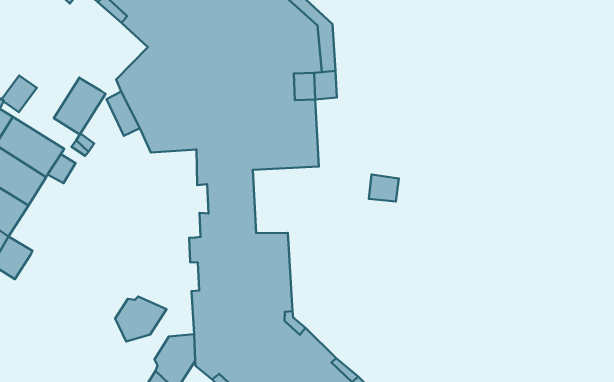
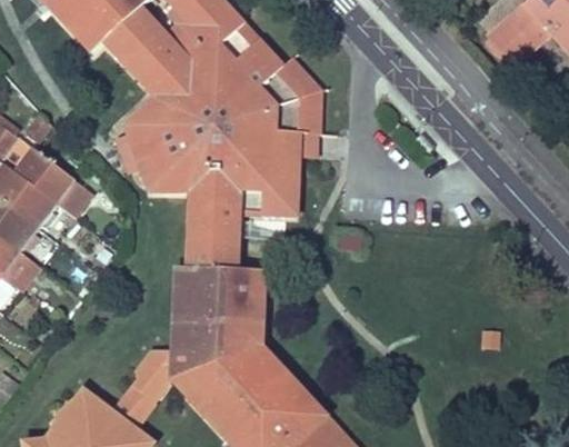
building: [54,77,105,134] -> none
building: [115,297,167,341] -> none

